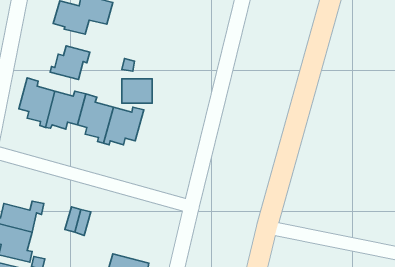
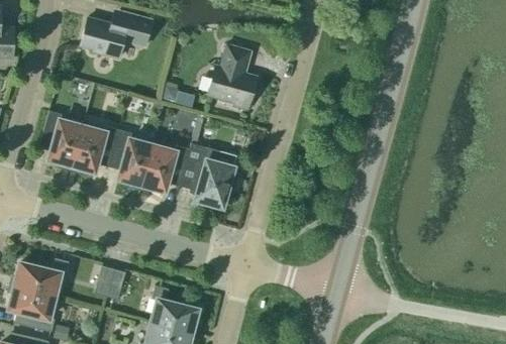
building: none -> [208,43,258,115]
building: [50,46,90,80] -> none
building: none -> [180,143,237,206]
building: none -> [153,284,198,333]

